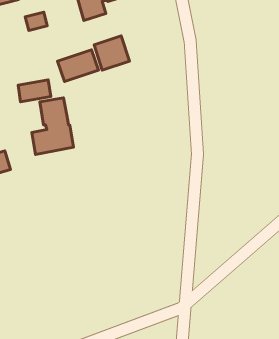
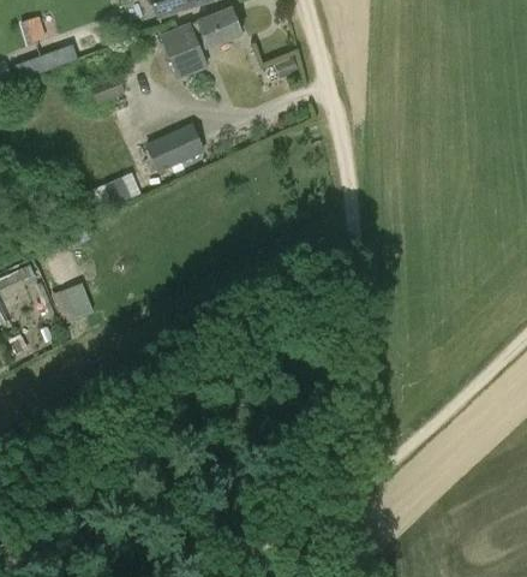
building: [94,36,129,70] -> none
building: [32,98,74,155] -> none

